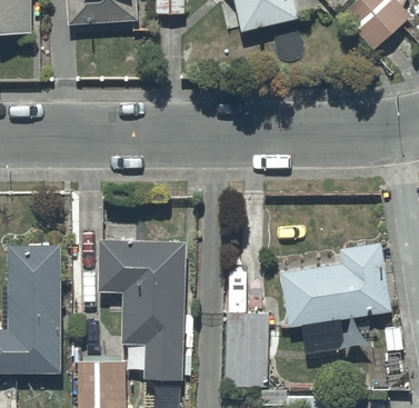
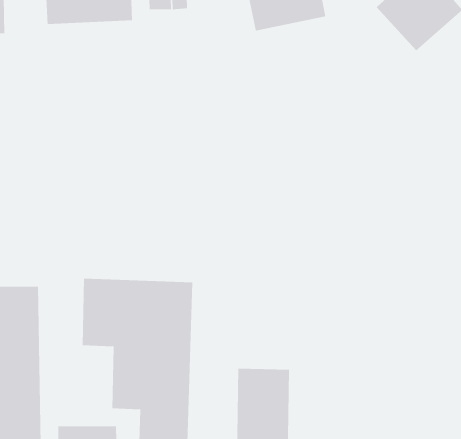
building: [279,241,393,329] -> none

